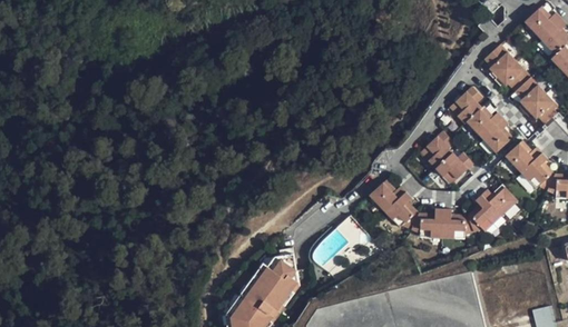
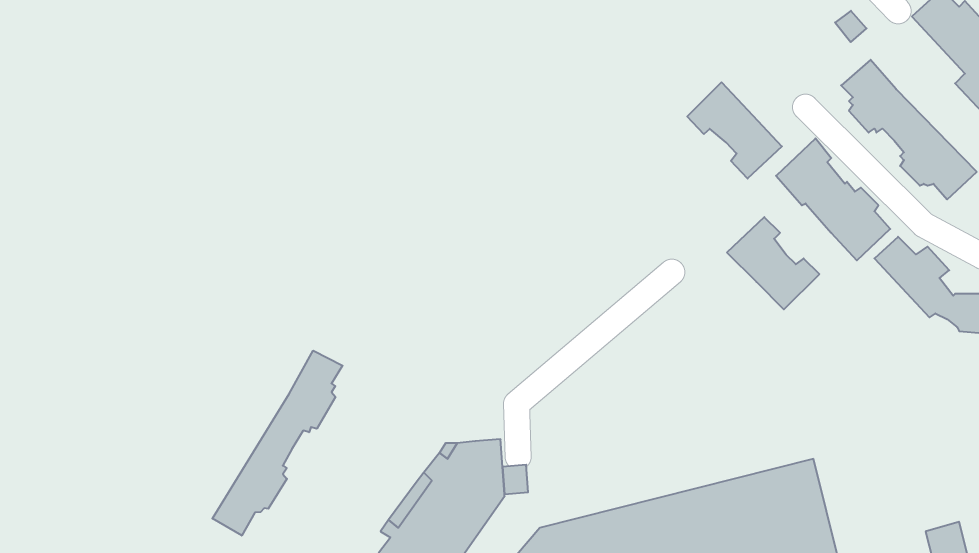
building: none -> [687,82,782,179]
building: [373,185,508,242] -> none
building: none -> [212,351,343,536]

